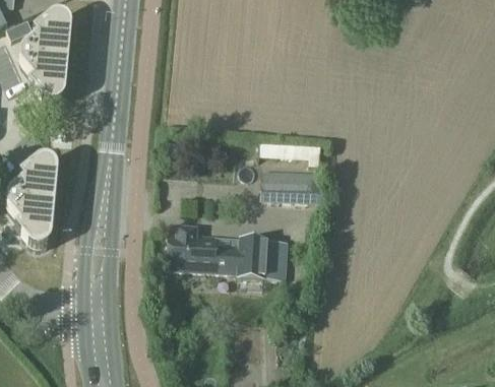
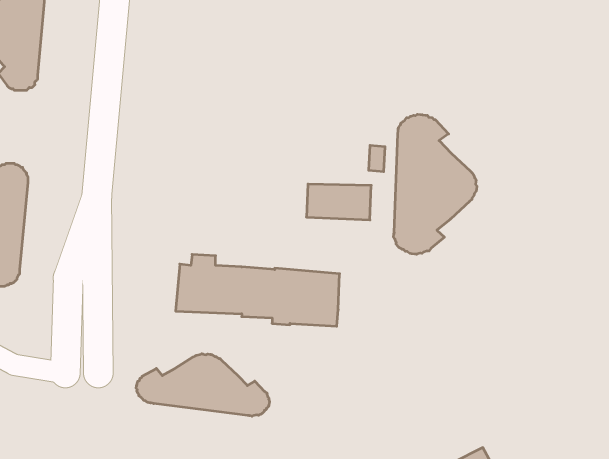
building: none -> [394,114,477,254]
building: none -> [136,354,270,416]

